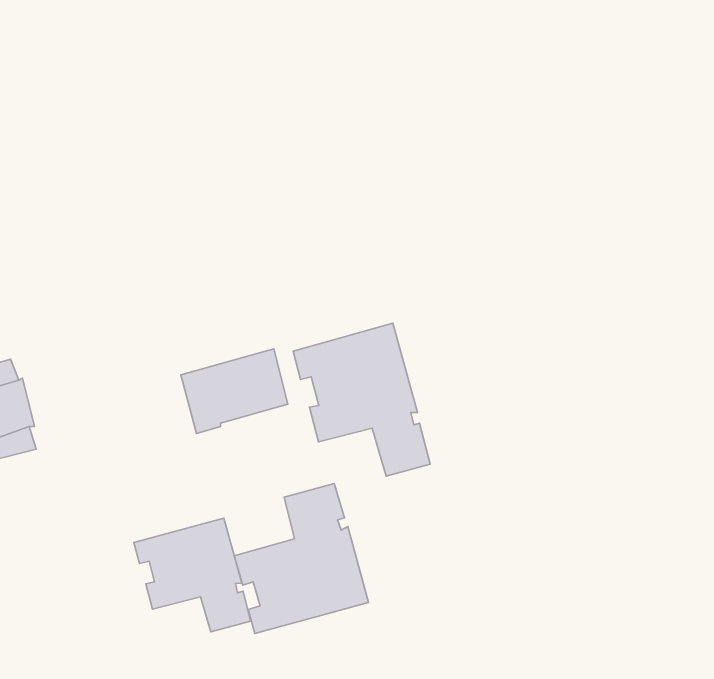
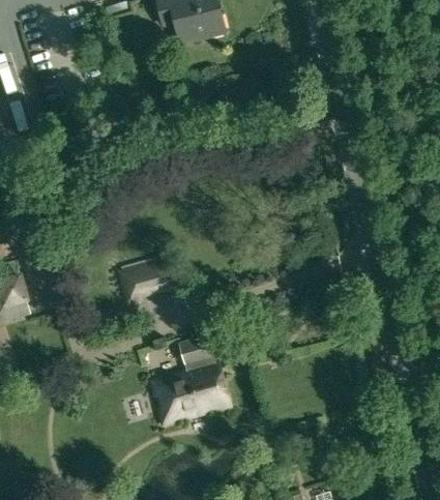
building: [293,323,430,476] -> none
building: [134,518,250,632] -> none

